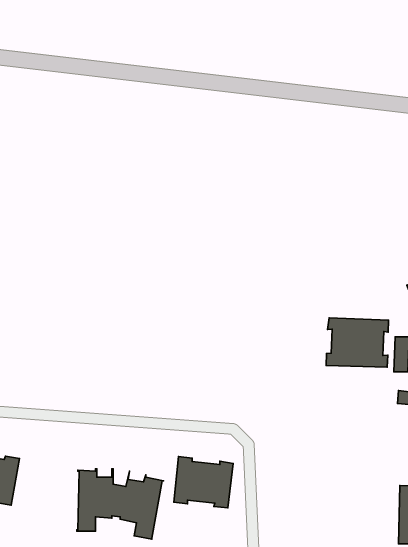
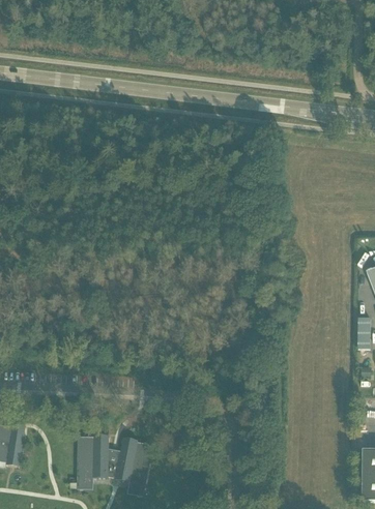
building: [326,318,389,367] -> none
building: [174,457,233,508] -> none

